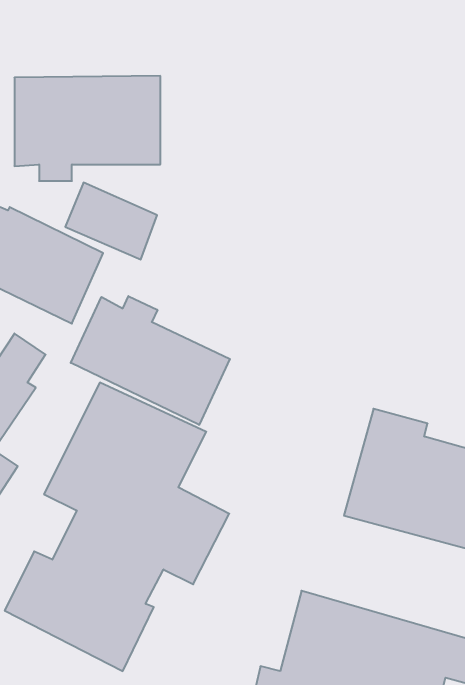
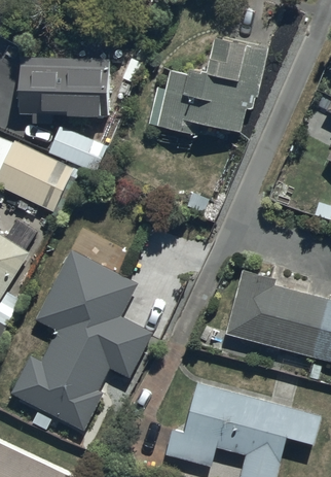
building: none -> [149,30,268,134]
building: [71,296,230,425] -> none

